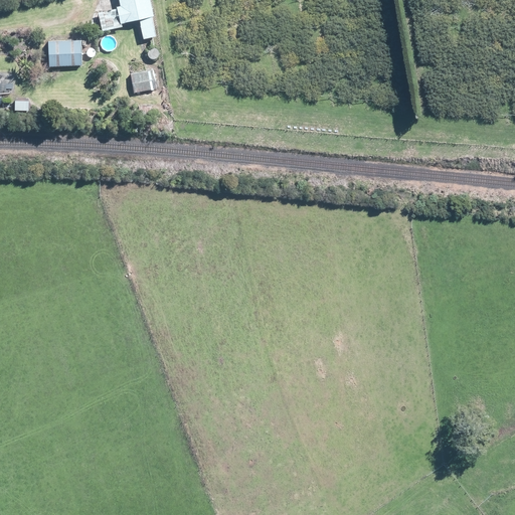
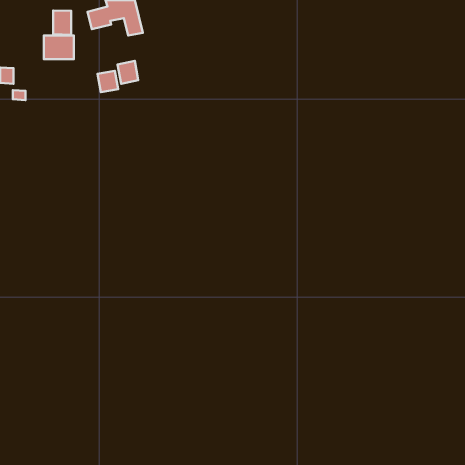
building: none -> [53,11,71,35]
building: none -> [97,71,118,92]

